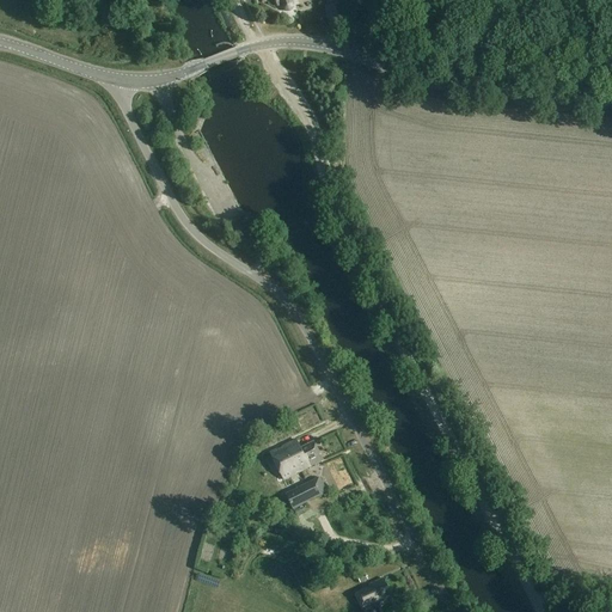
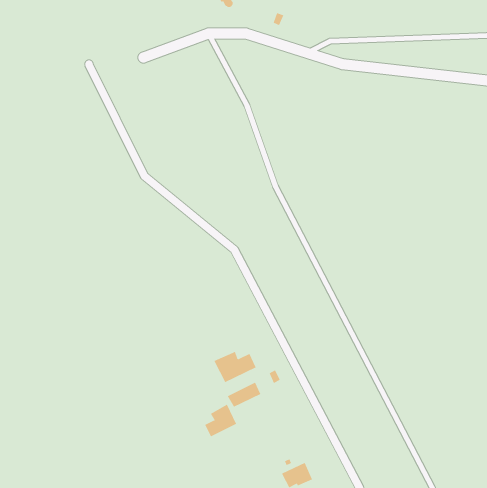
building: none -> [204,404,237,437]

